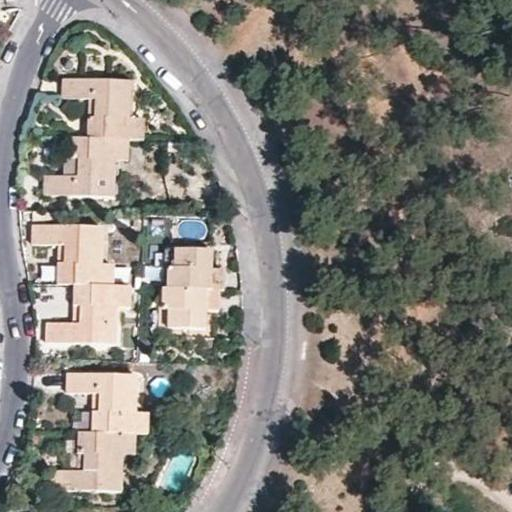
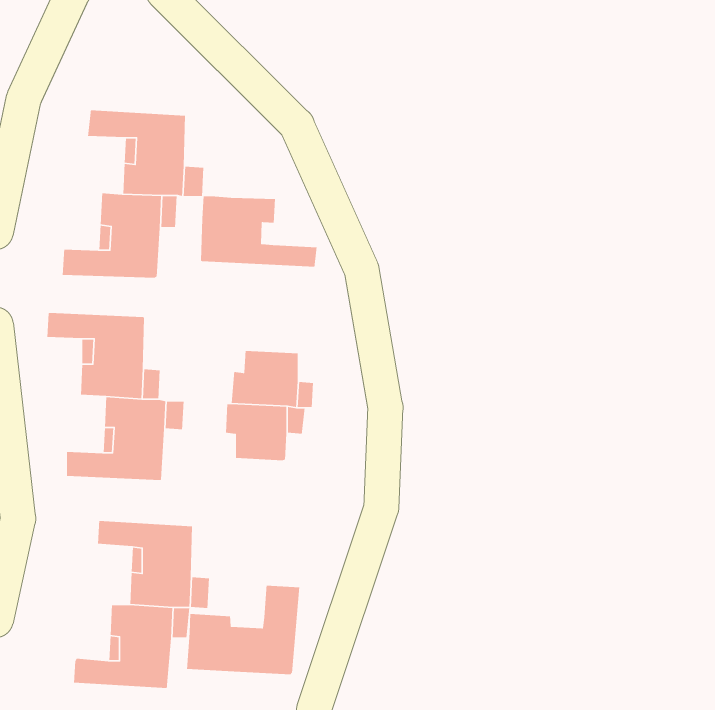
building: none -> [200,195,318,267]
building: none -> [186,585,300,675]

